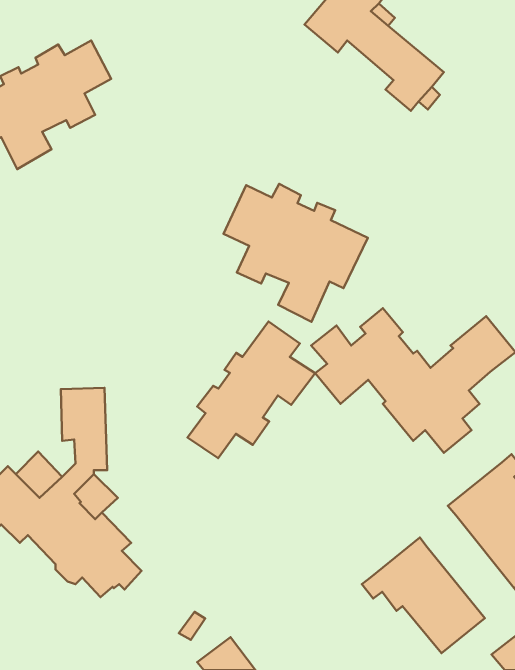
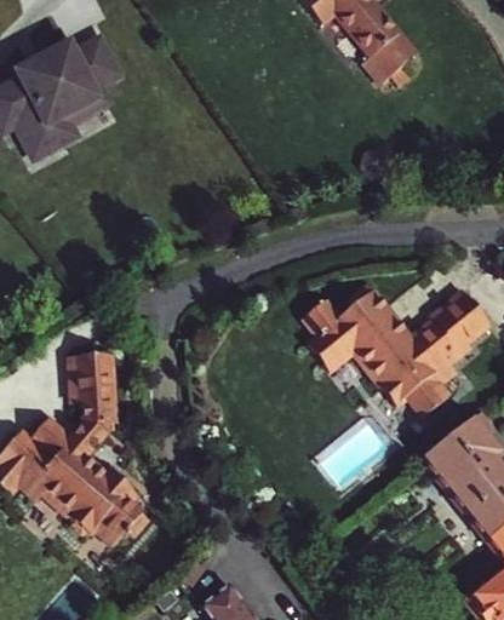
building: [224,184,368,322] -> none
building: [188,321,315,458] -> none
building: [362,538,485,653] -> none

